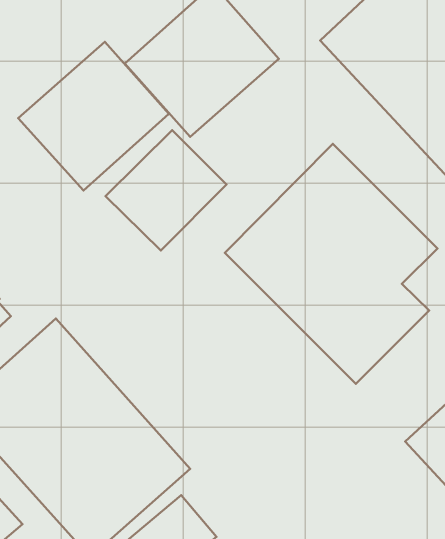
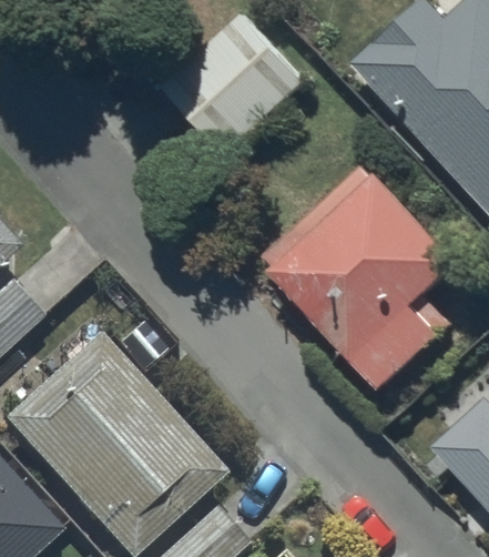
building: [18,42,169,190] -> none
building: [105,130,226,251] -> none

